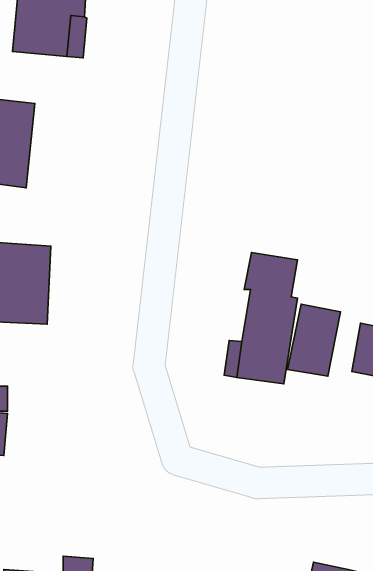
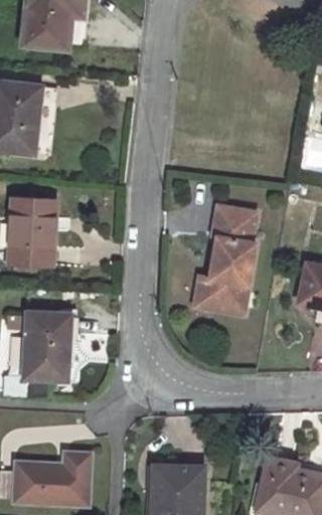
building: [288,304,340,376] -> none
building: none -> [23,311,70,378]

